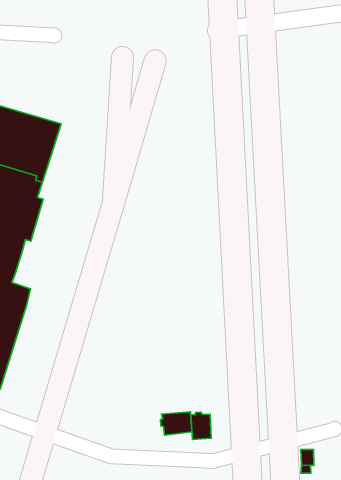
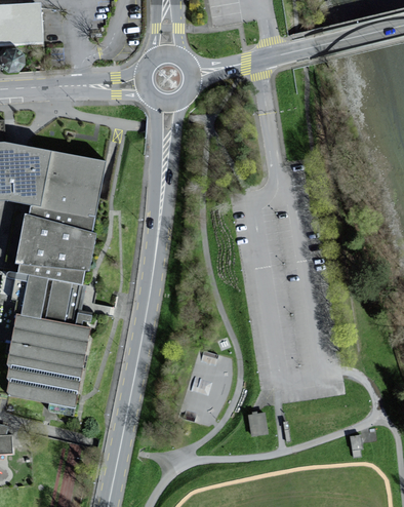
building: [160,412,192,435] -> none

